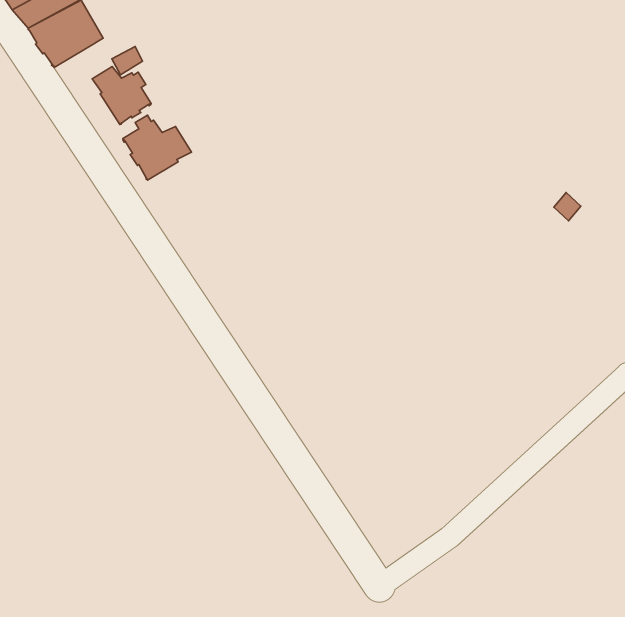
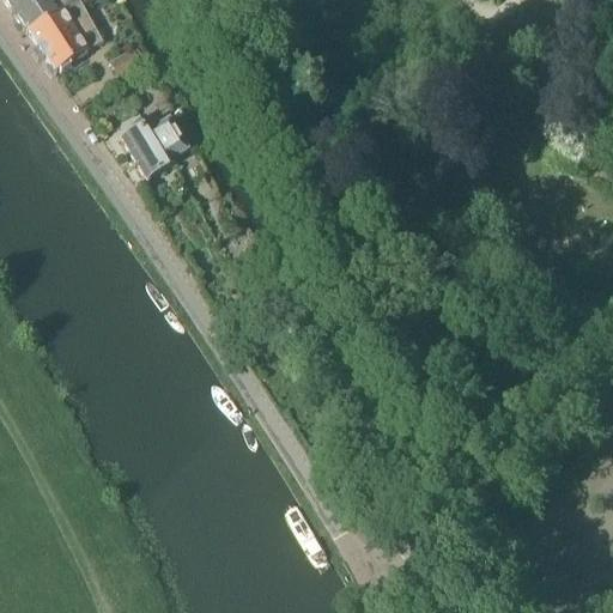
building: [92,66,151,124] -> none

